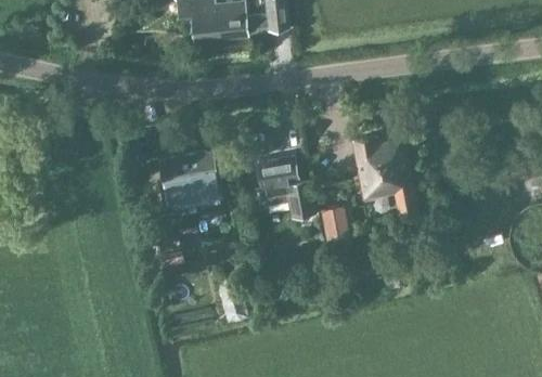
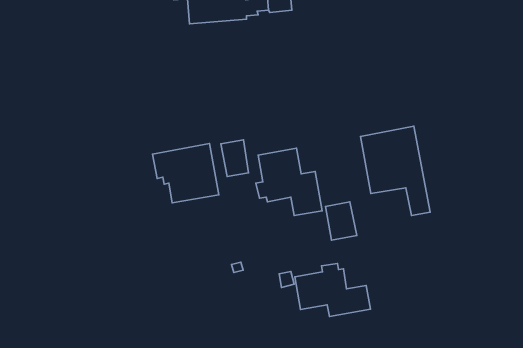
building: none -> [221,140,249,177]
building: none -> [295,264,371,317]

